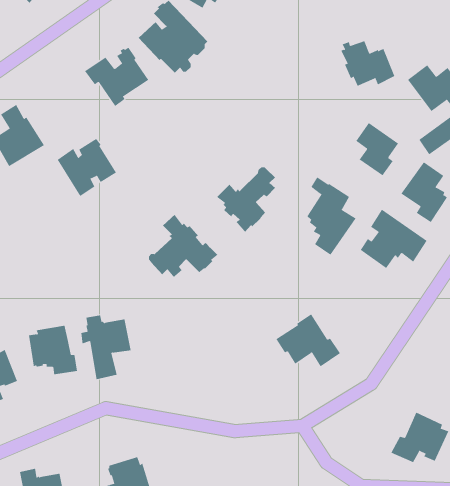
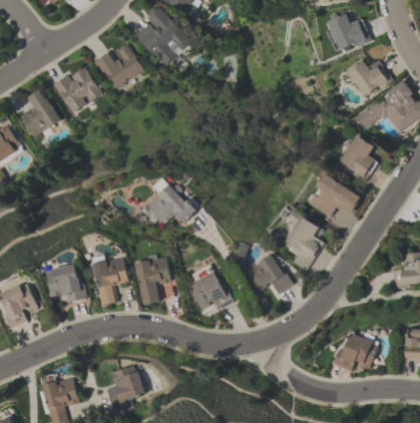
building: [340,40,395,86] -> [327,12,370,48]
building: [356,122,399,176] -> none
building: [57,138,117,197] -> [53,67,100,113]
building: [216,166,276,233] -> none
building: [307,176,356,256] -> [285,209,324,272]
building: none -> [134,254,170,304]
building: none -> [187,272,234,311]

